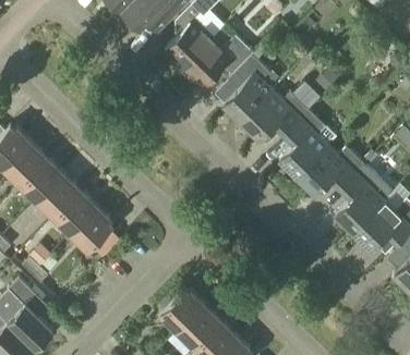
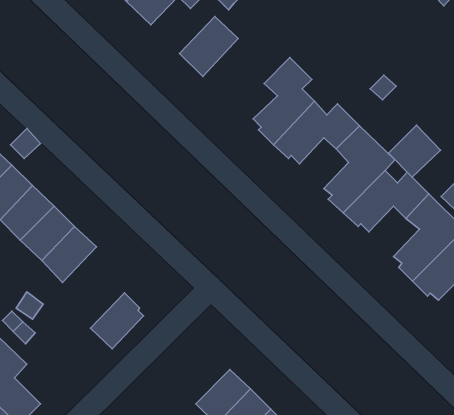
building: [182,36,253,87] -> none
building: none -> [388,125,441,177]
building: [70,206,112,250] -> [90,293,144,349]
building: [159,289,204,331] -> none

